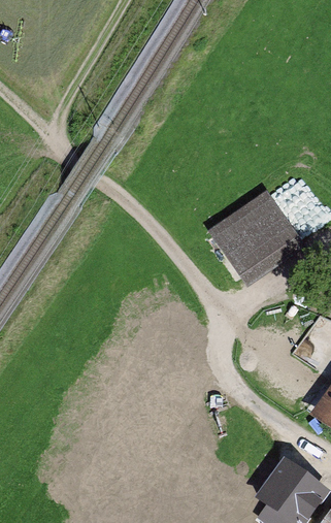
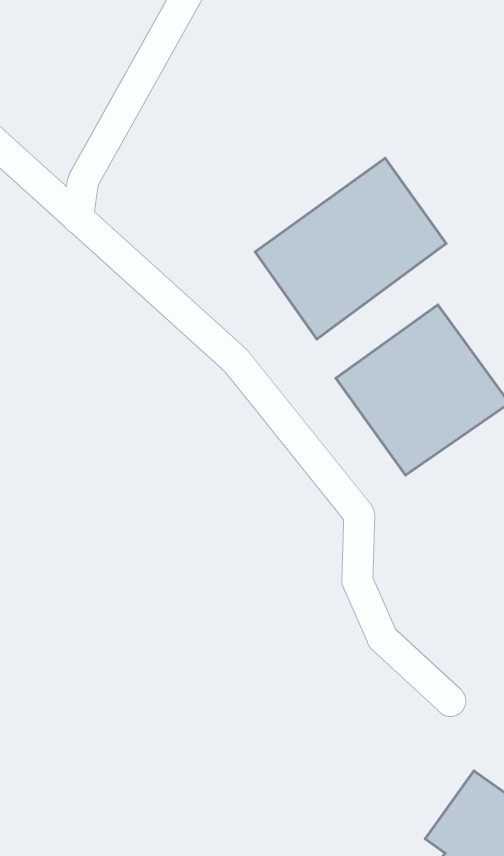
building: none -> [255,158,446,339]

